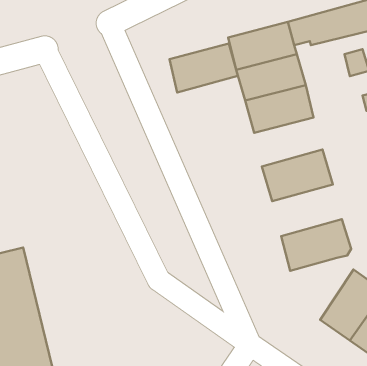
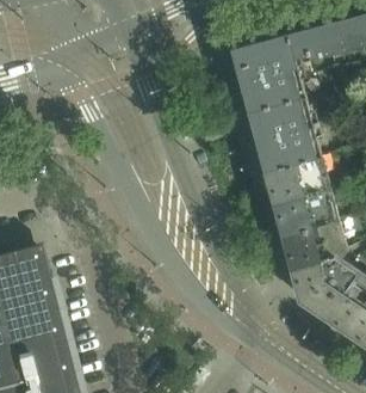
building: [169,44,238,93] -> [256,127,320,172]
building: none -> [273,189,337,237]
building: none -> [290,257,348,314]

